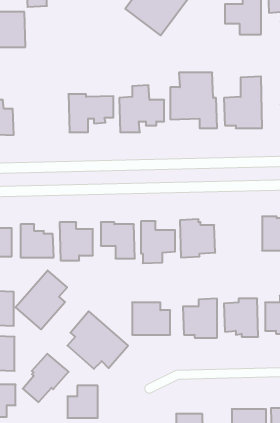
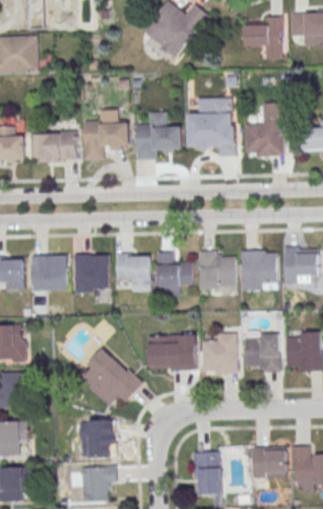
building: none -> [34,131,76,161]
building: none -> [241,251,277,291]
building: [16,270,67,329] -> none
building: [23,354,69,402] -> none

